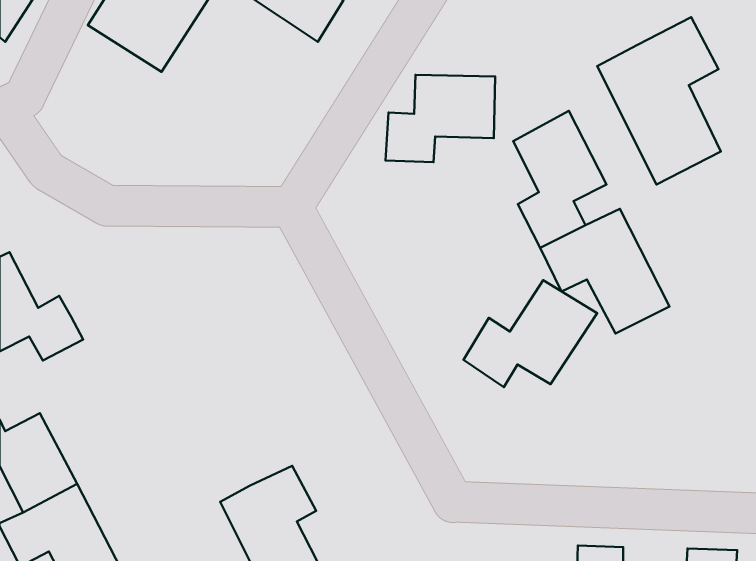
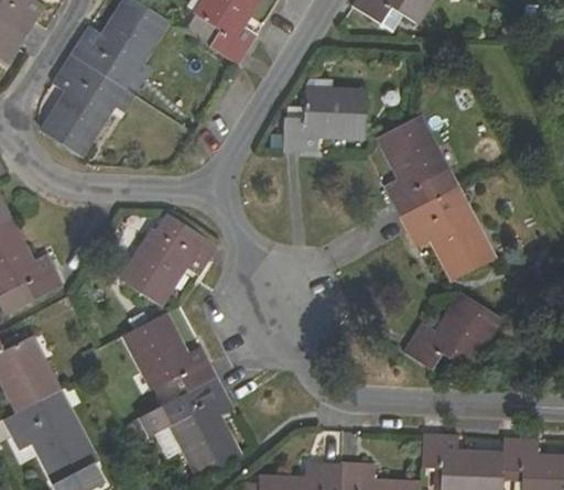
building: [597,17,721,184] -> none
building: none -> [40,53,120,155]
building: none -> [122,211,217,303]
building: [463,280,597,387] -> [401,294,499,372]
building: none -> [126,313,216,390]

